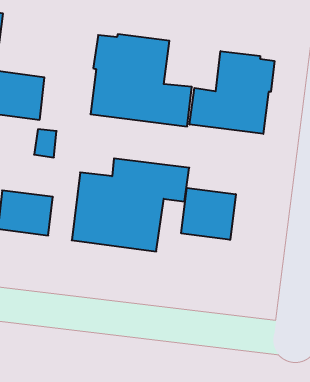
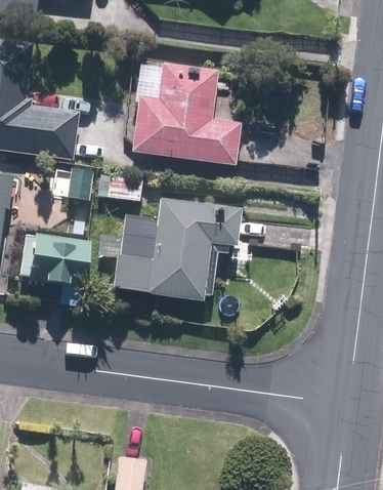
building: [190,51,274,134] -> none
building: [181,188,236,240] -> none

